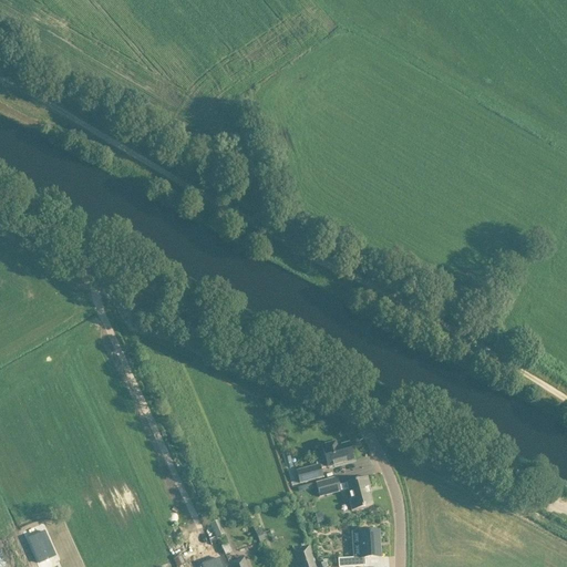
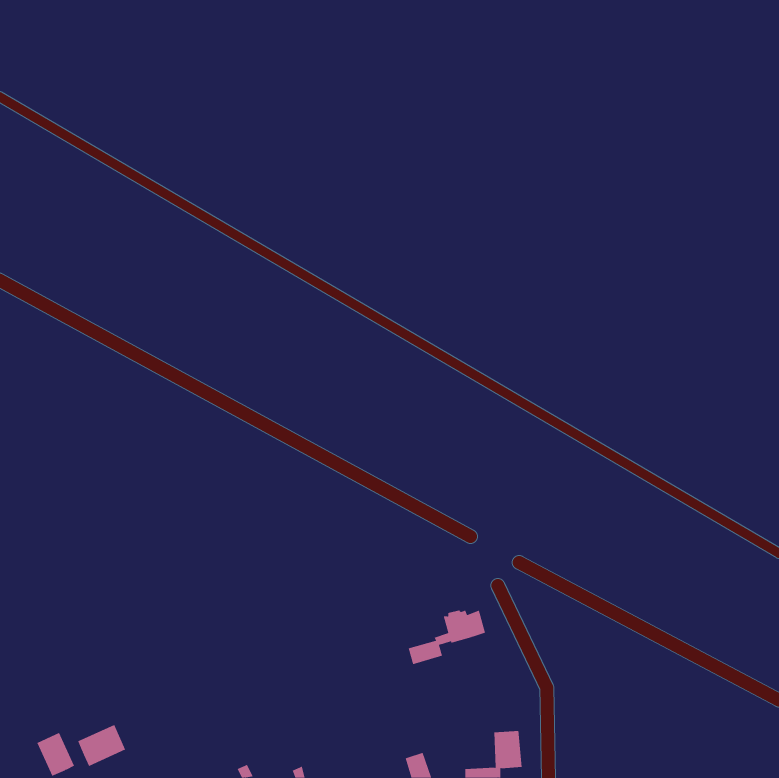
building: [315,475,371,509] -> none
building: none -> [78,724,126,767]

